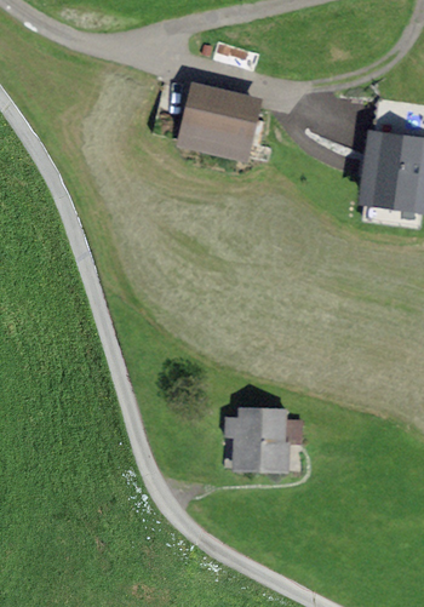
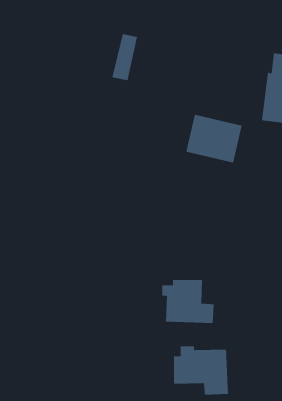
building: [184,90,263,158] -> [185,114,243,163]
building: none -> [174,345,229,395]

